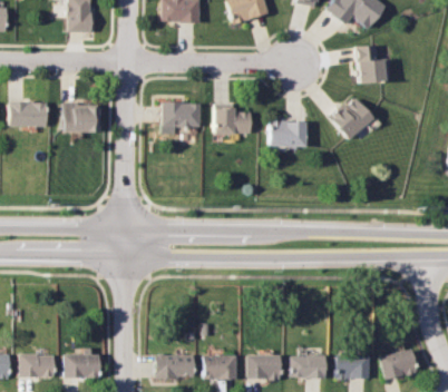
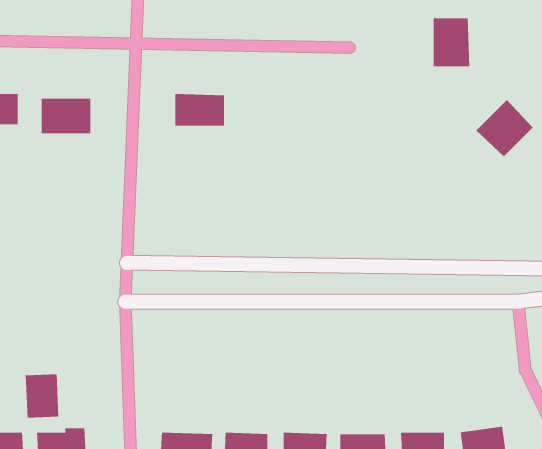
building: [331,95,374,138] -> [476,99,534,157]
building: [216,108,253,133] -> none
building: [271,120,308,147] -> none
building: none -> [25,373,59,419]

